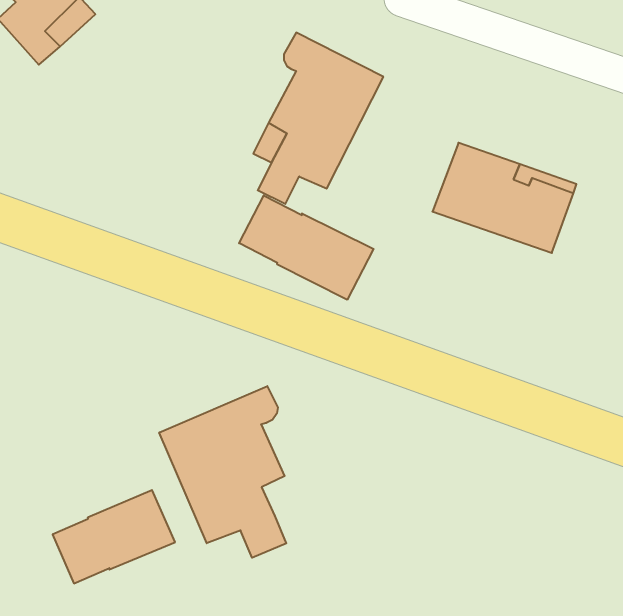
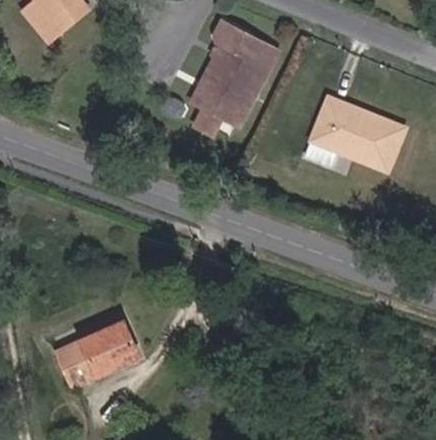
building: [239,195,374,300] -> none
building: [159,386,286,558] -> none

